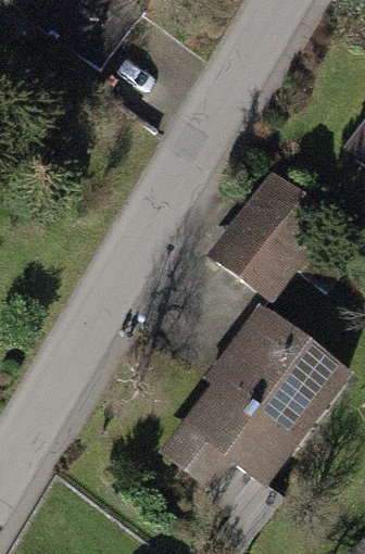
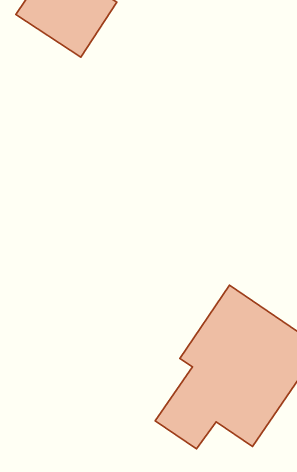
building: [205,192,313,294] -> none

